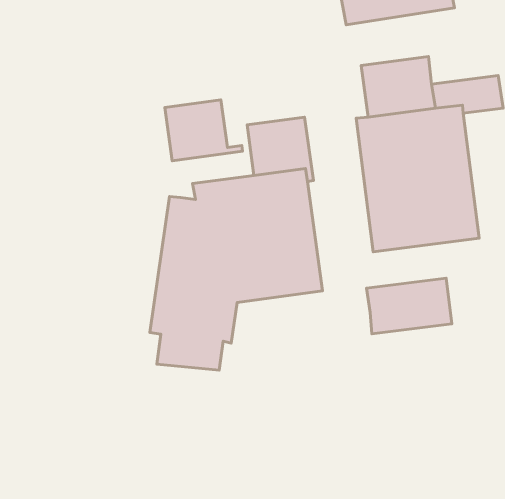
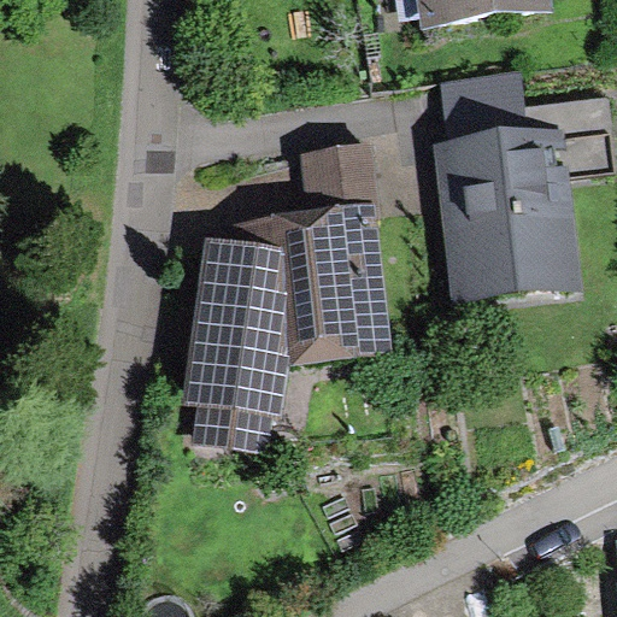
building: [165,100,242,161] -> none
building: [366,278,452,334] -> none

